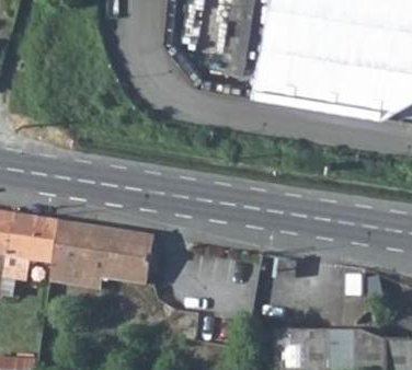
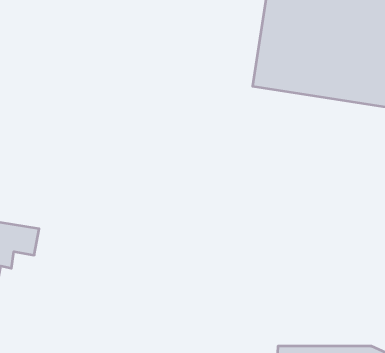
building: [50,221,153,289] -> none

